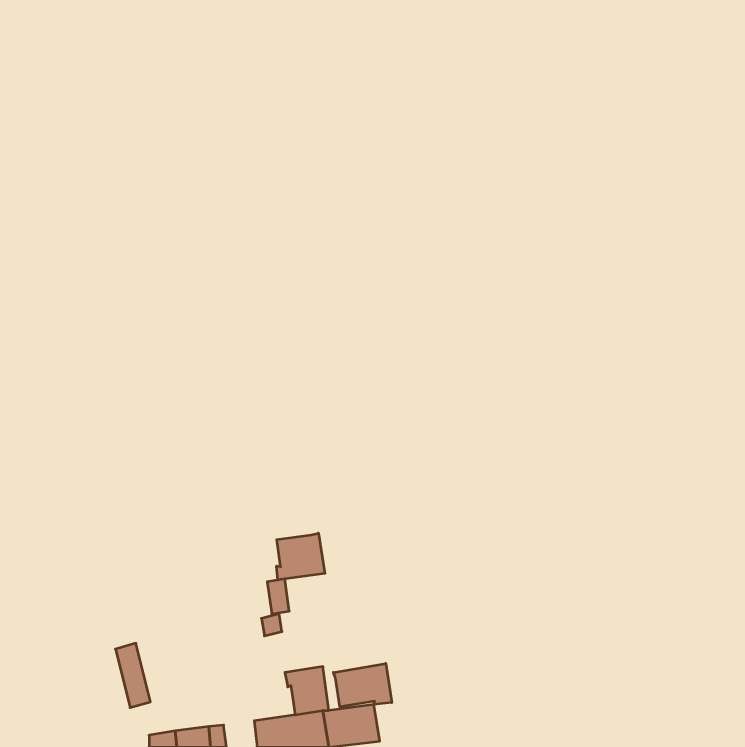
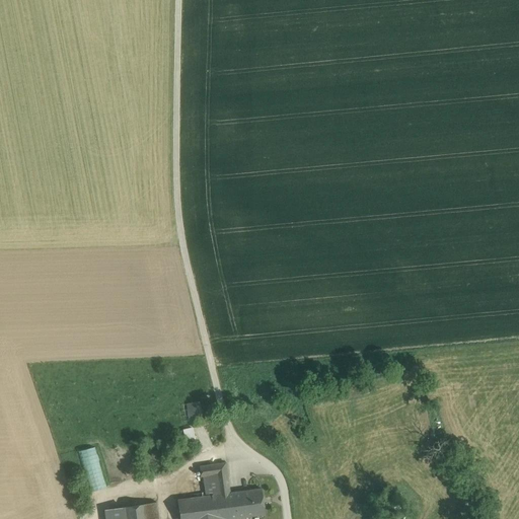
building: [277,533,325,580] -> none
building: [333,663,392,707] -> none

